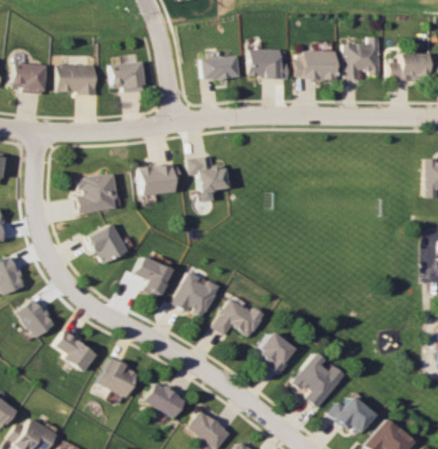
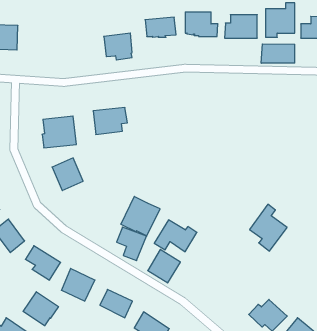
building: [109,59,144,91] -> [104,33,132,60]
building: [59,64,97,94] -> none
building: none -> [261,44,295,63]
building: [187,156,225,202] -> none
building: [134,256,170,297] -> [117,227,147,261]
building: [254,332,294,373] -> [148,249,180,283]
building: [292,352,338,408] -> [250,204,287,251]
building: none -> [23,292,58,326]

